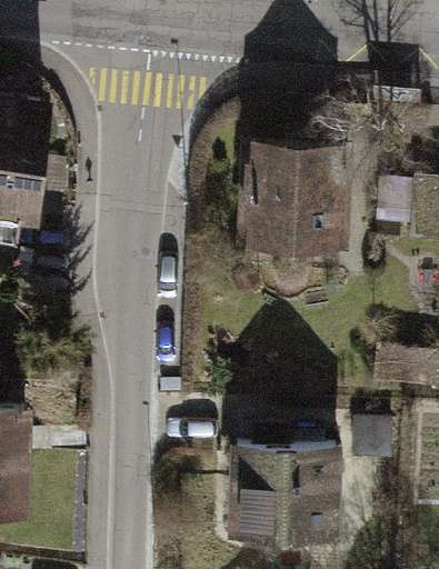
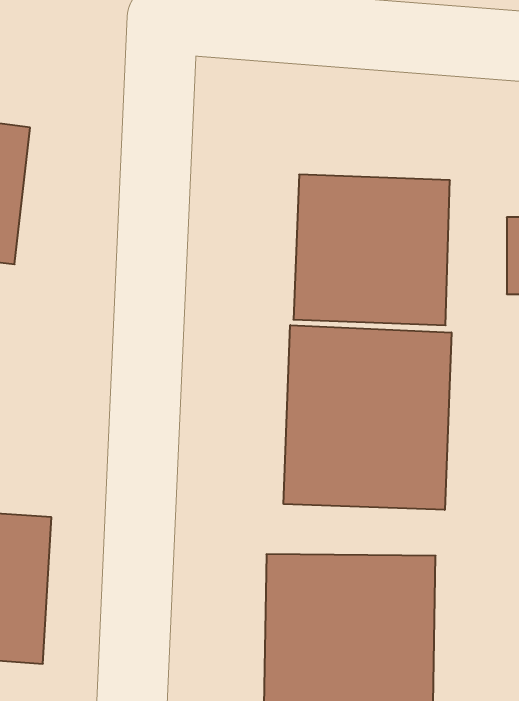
building: none -> [284,325,451,510]

